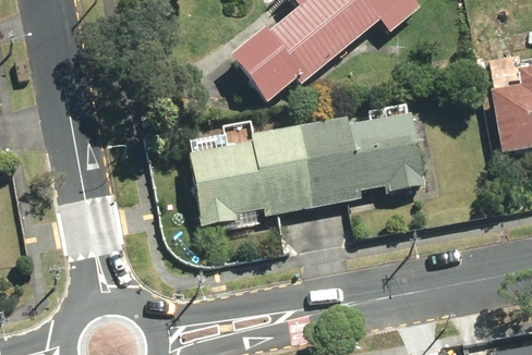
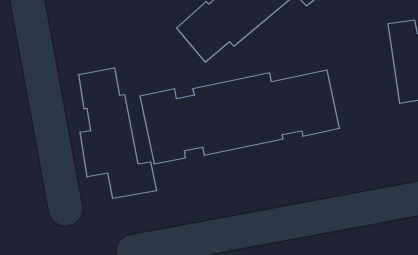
building: none -> [79,68,156,198]

